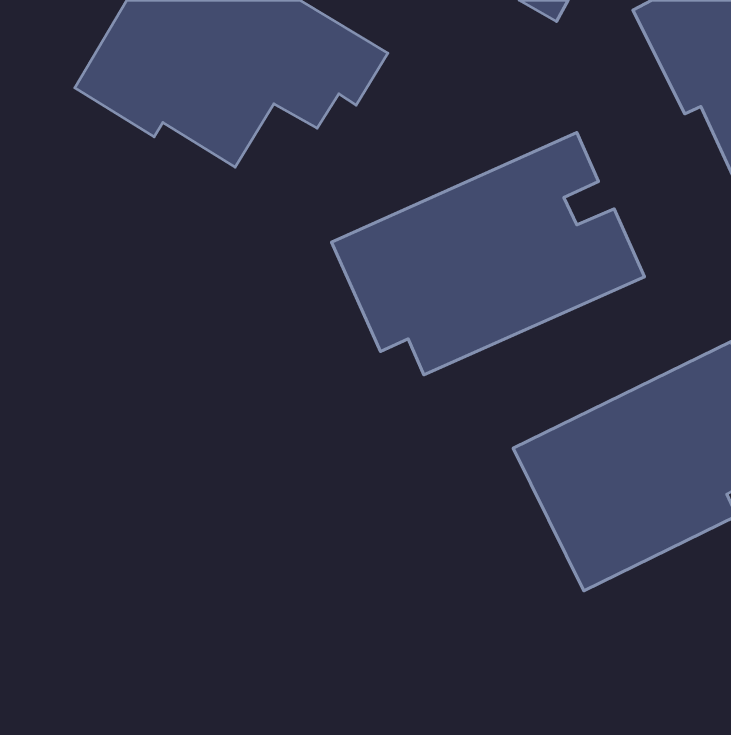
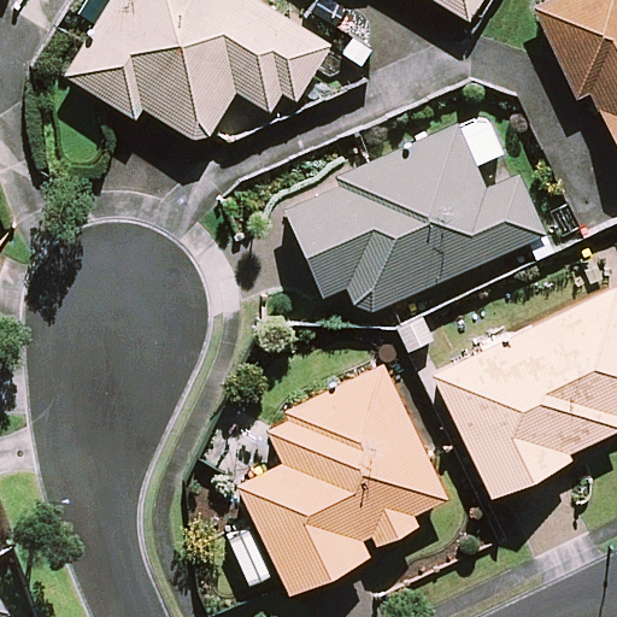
building: none -> [231,366,443,592]

